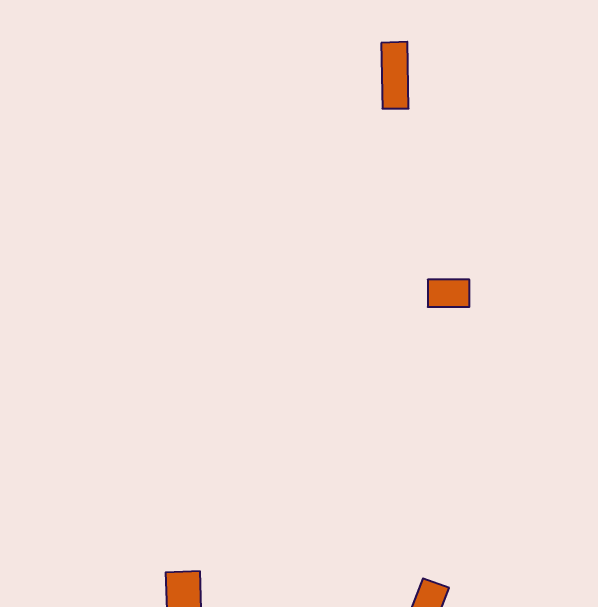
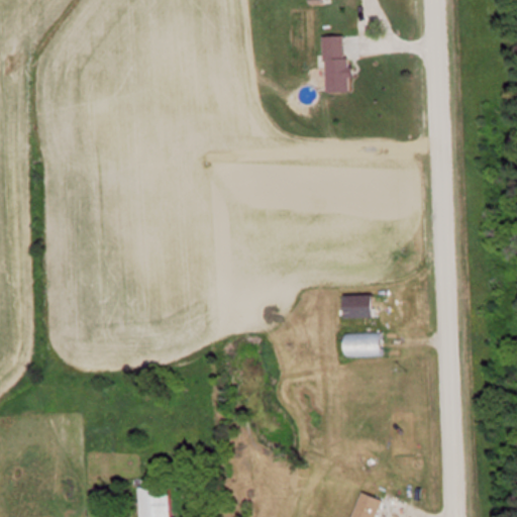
building: [428,280,469,307] -> [339,296,375,319]
building: none -> [342,334,383,356]

